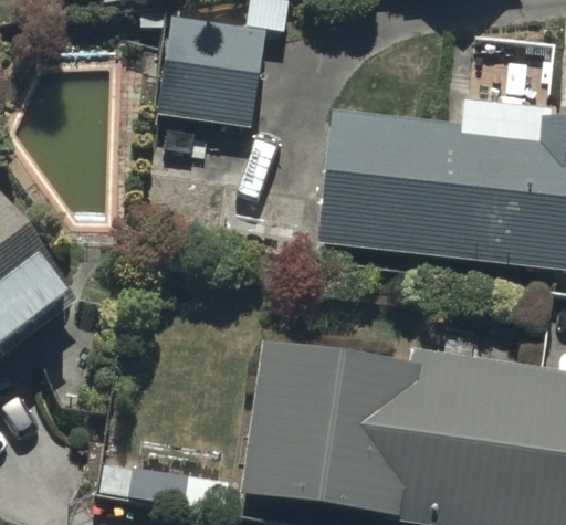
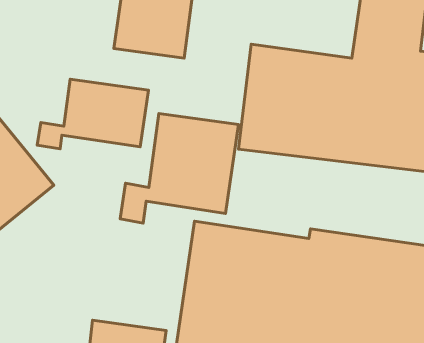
building: none -> [37,79,149,149]
building: none -> [120,113,239,223]

